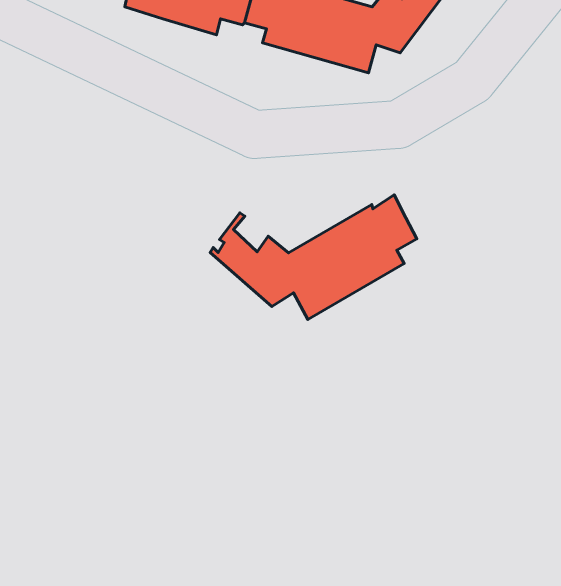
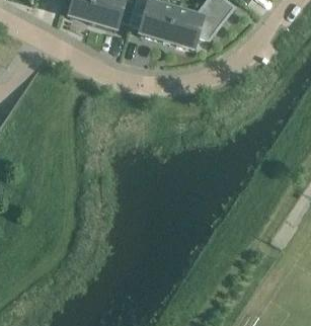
building: [210,195,417,319] -> none

